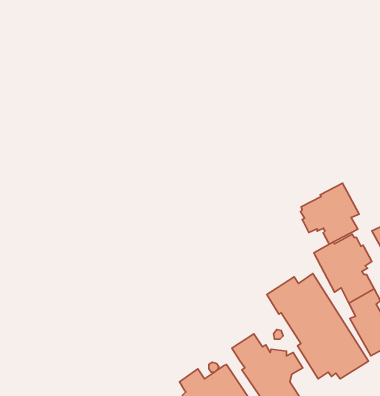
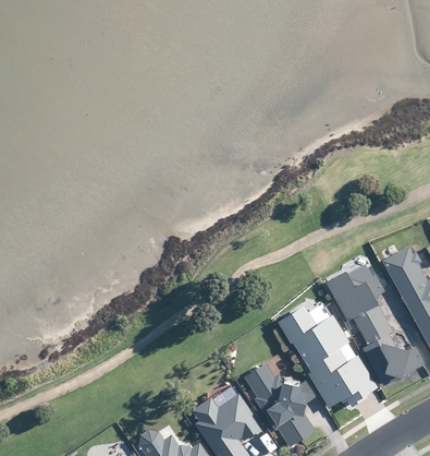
building: [301,183,359,244] -> none

